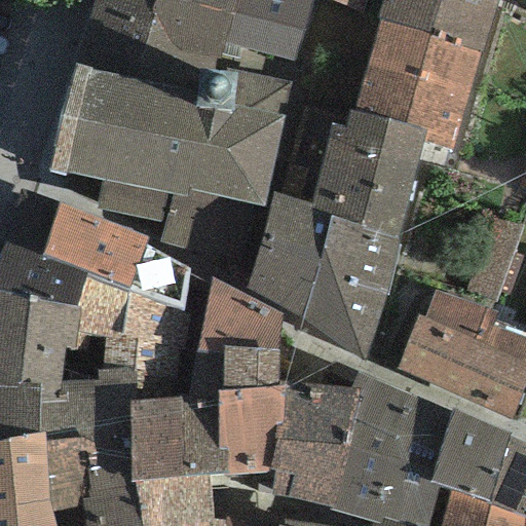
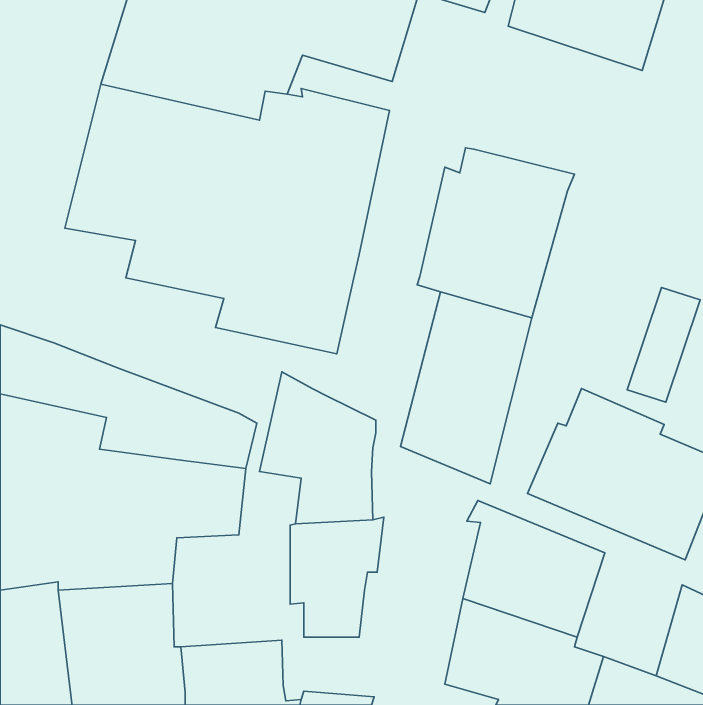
building: [354,20,480,151] -> none
building: [245,189,330,332] -> none
building: [42,204,189,307] -> none
building: [269,384,360,509] -> none
building: [130,390,228,481] -> none
building: [429,411,511,502] -> none

